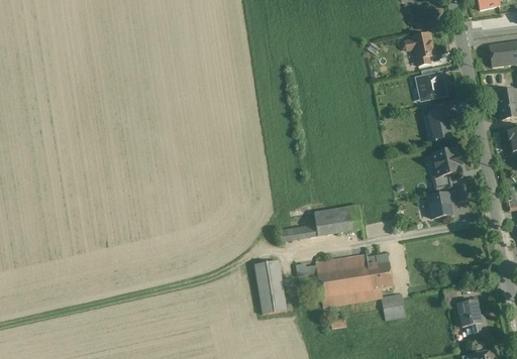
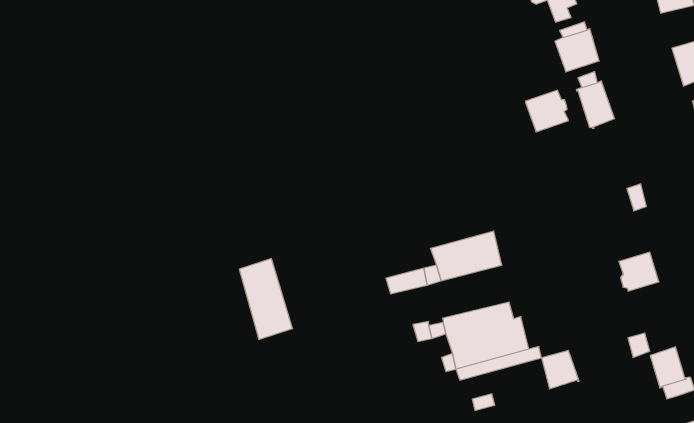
building: [432,148,460,175] -> [525,90,568,132]
building: [427,193,453,218] -> [619,252,659,291]
building: [364,253,394,289] -> none
building: [254,259,287,315] -> [239,258,293,340]

